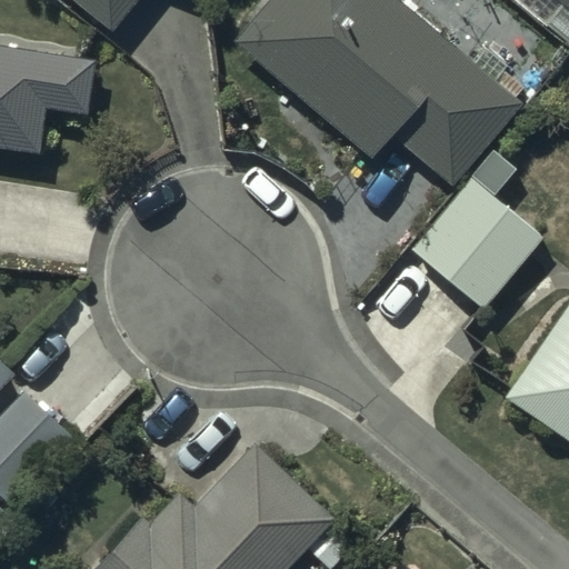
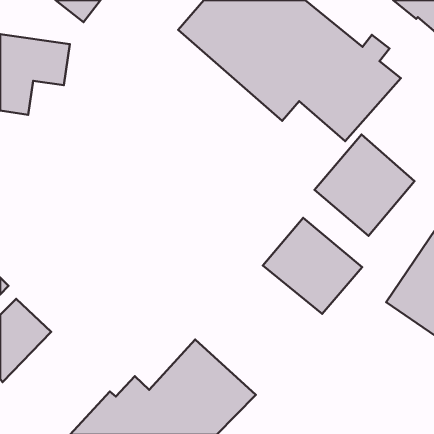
building: none -> [263,218,362,314]

